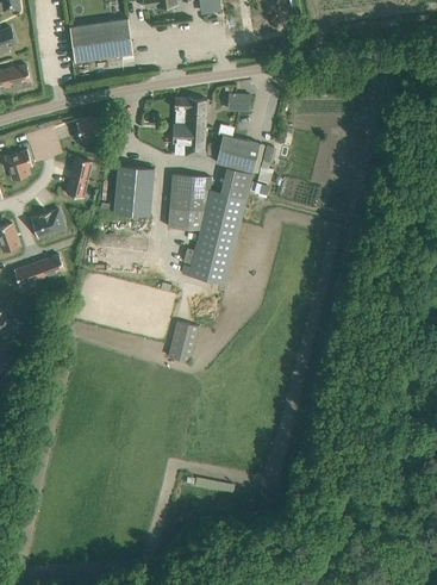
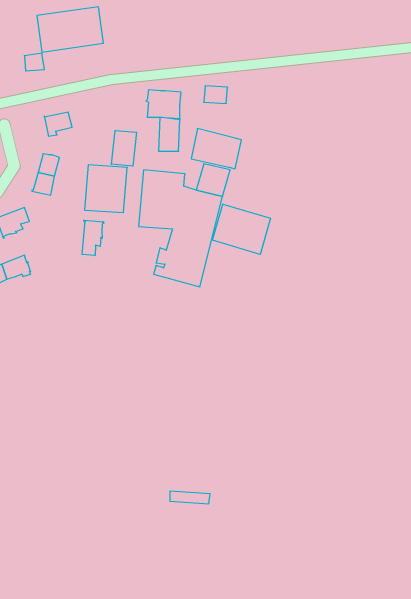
building: none -> [111,130,137,166]
building: none -> [213,204,271,254]
building: none -> [82,220,104,256]
building: [167,320,199,362] -> none

